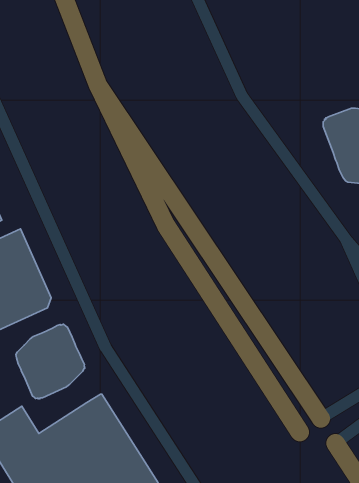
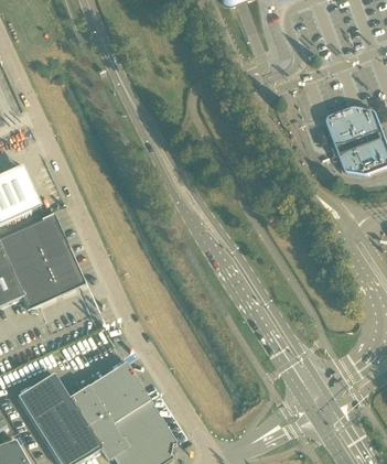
building: [16,324,85,399] -> none

